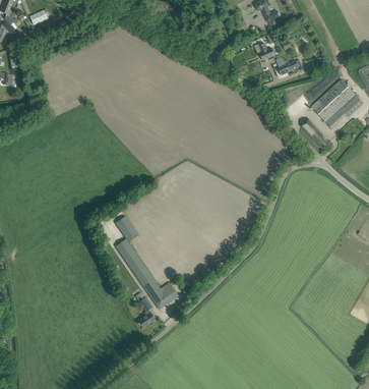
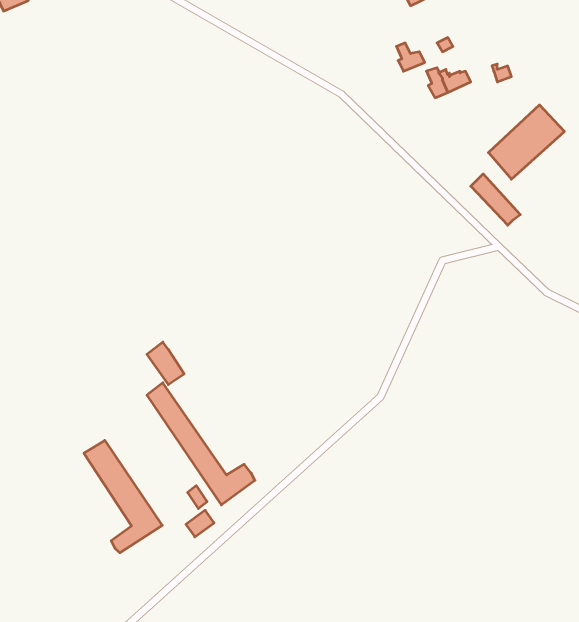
building: none -> [84,440,162,553]

